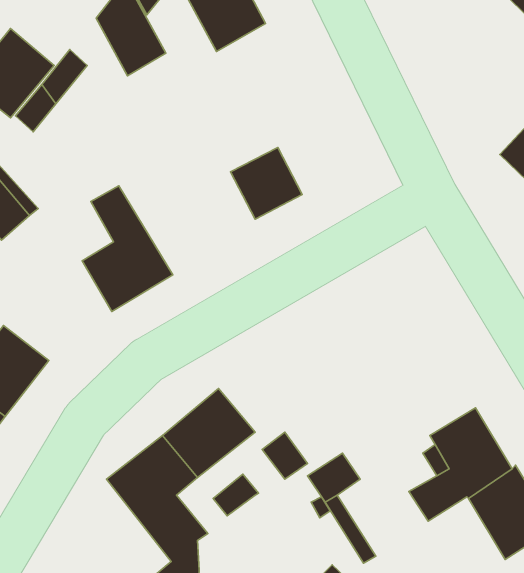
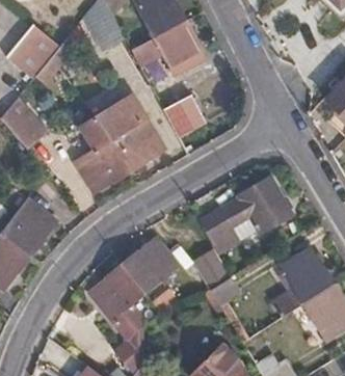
building: none -> [132,20,205,74]
building: none -> [97,93,165,169]
building: none -> [198,176,292,252]

